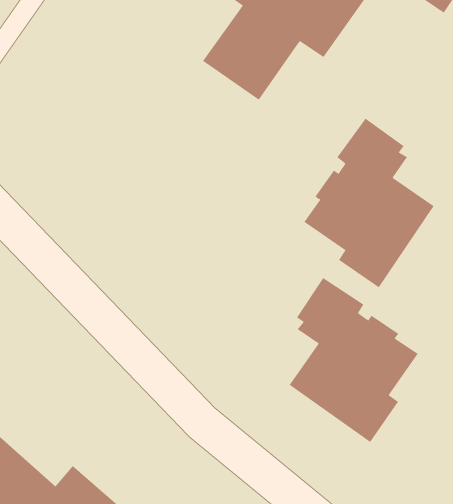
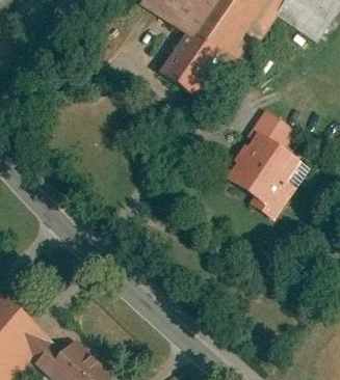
building: [289,277,418,443] -> none

